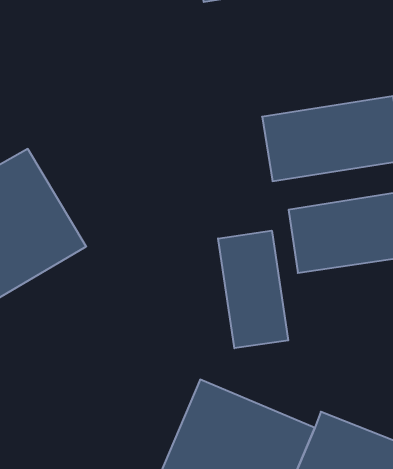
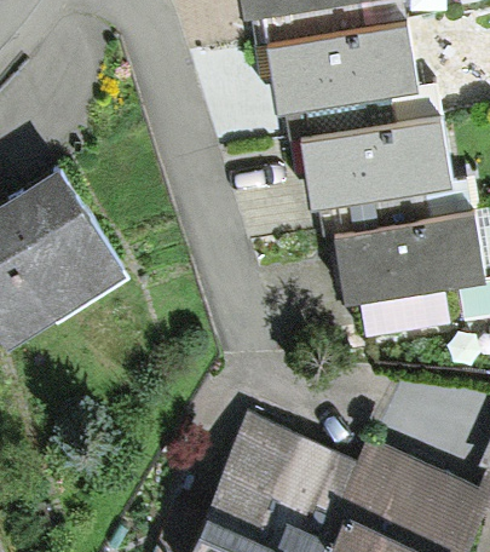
building: none -> [271,24,420,114]
building: [218,231,288,348] -> none

